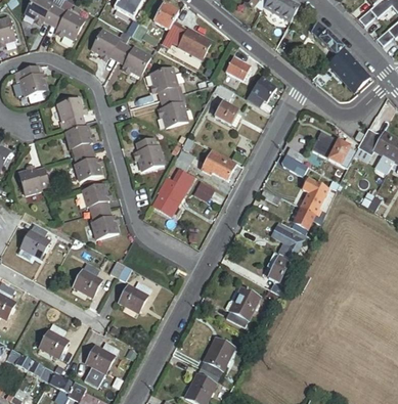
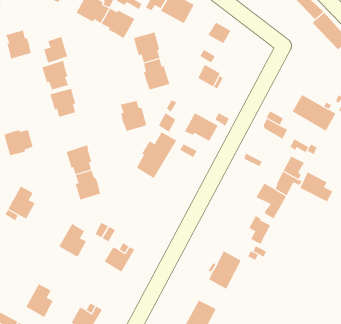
building: none -> [44,36,68,63]
building: [245,77,275,106] -> none
building: [73,149,99,179] -> none
building: none -> [299,172,333,202]

